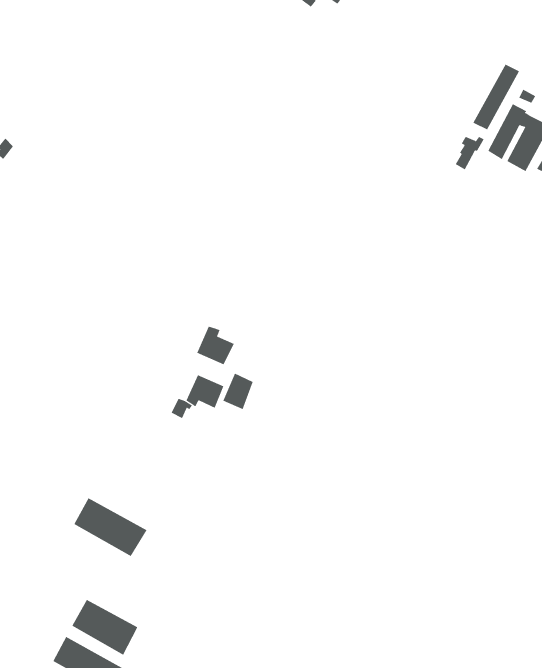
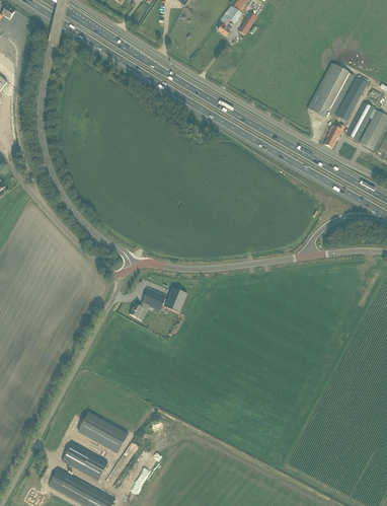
building: none -> [308,63,354,117]
building: [196,326,235,365] -> none
building: [73,498,147,557] -> [78,412,129,452]

